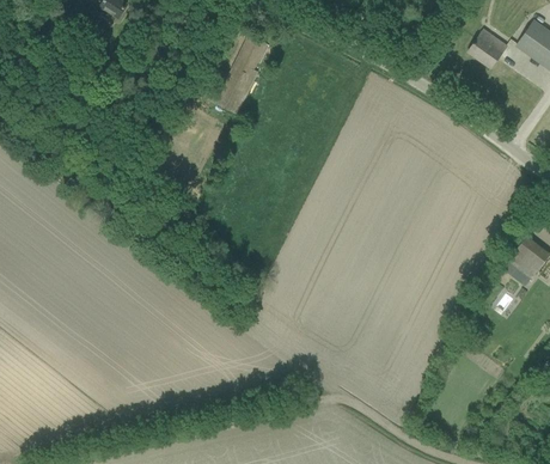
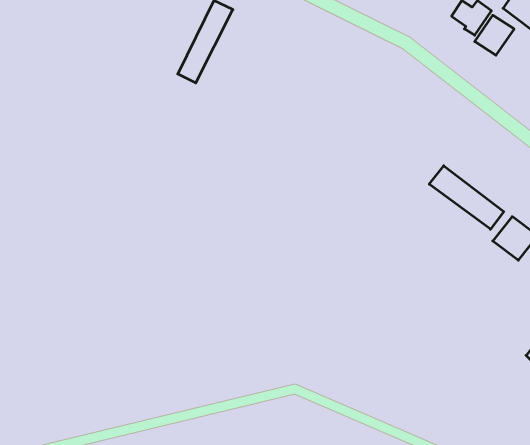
building: none -> [475,15,514,55]
building: none -> [429,166,504,229]

